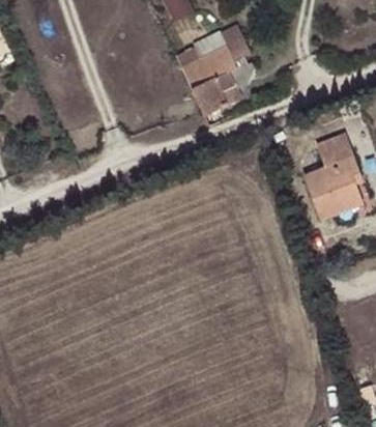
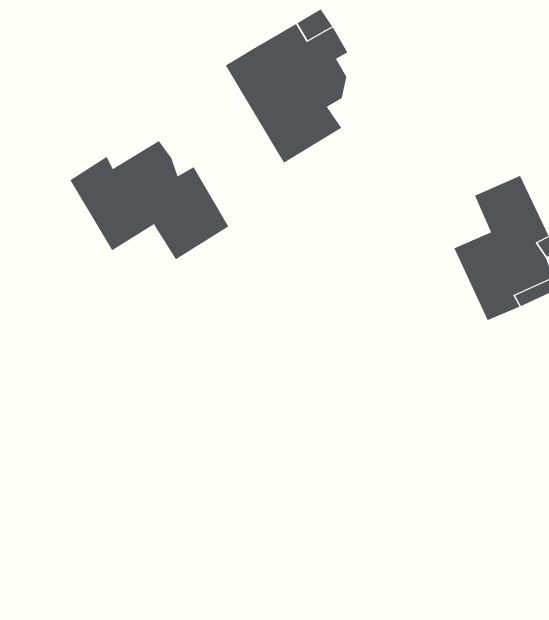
building: none -> [69,140,229,260]

